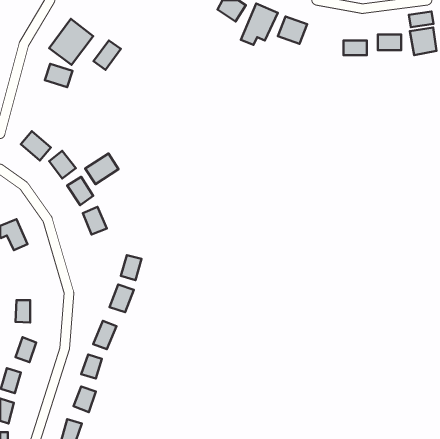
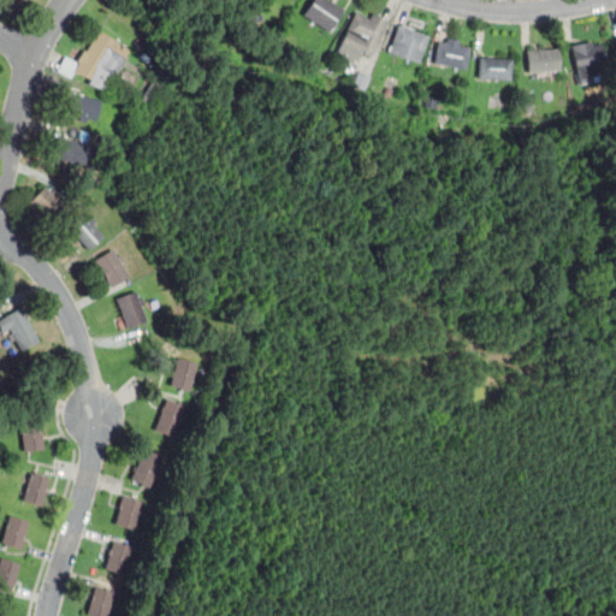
building: [409,12,434,27] -> none
building: none -> [436,38,470,70]
building: [93,40,121,70] -> none
building: none -> [53,137,95,167]
building: [85,153,119,184] -> none

